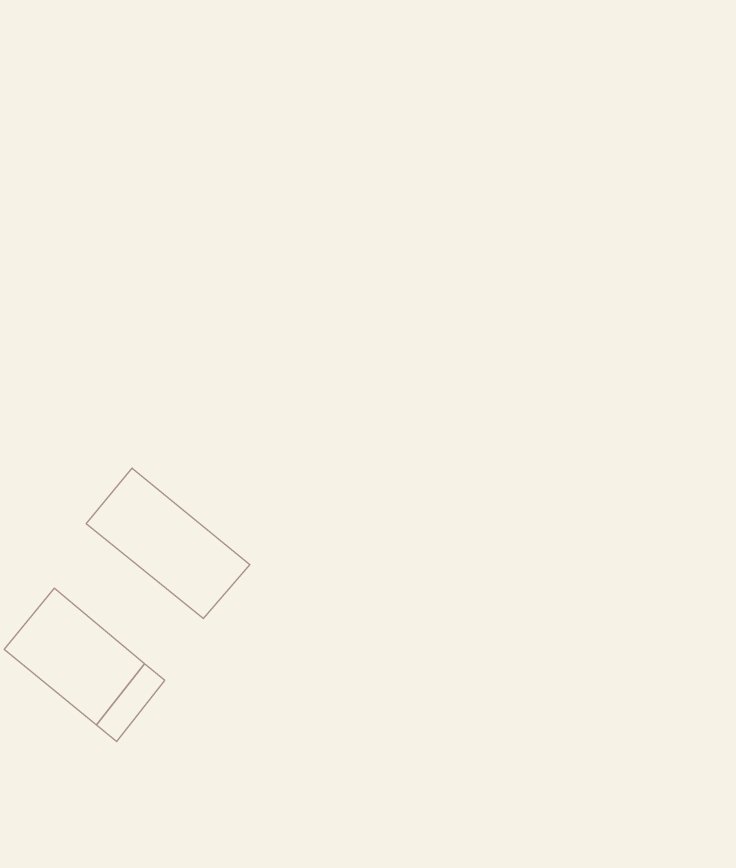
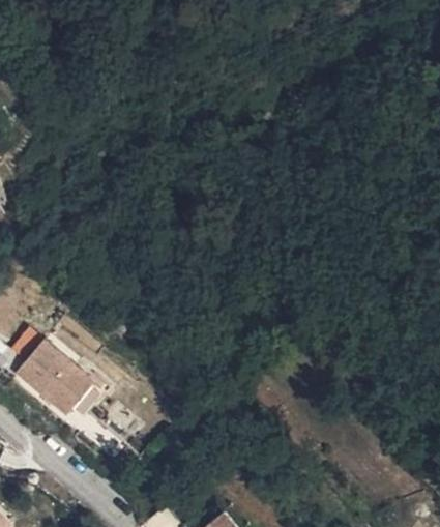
building: [86,468,250,619] -> none

